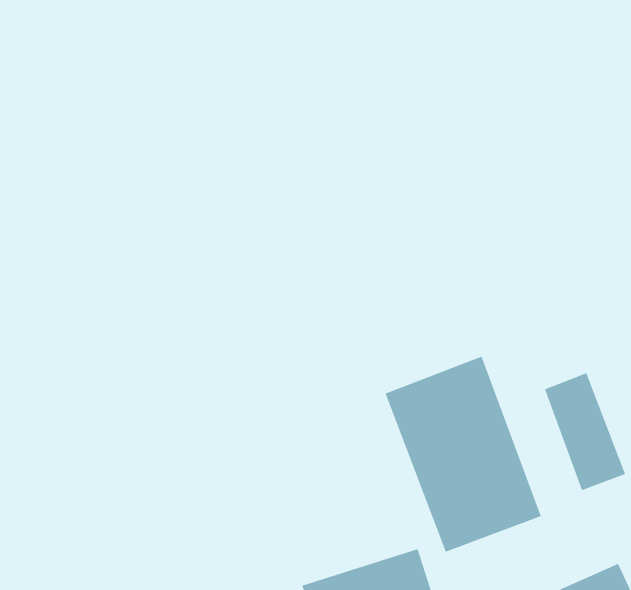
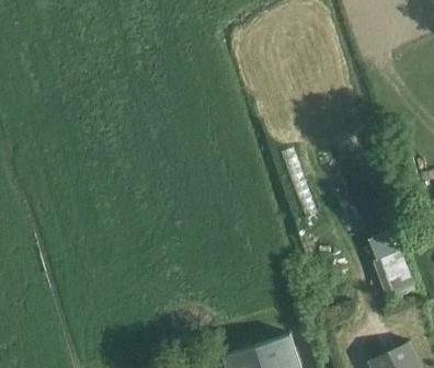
building: [385,356,541,552] -> none

